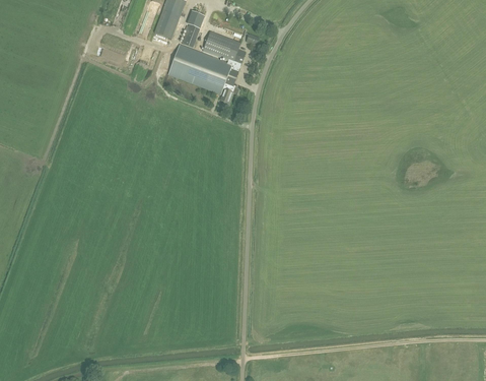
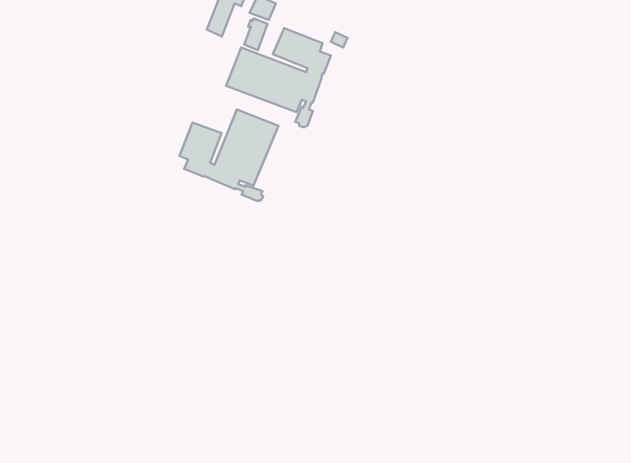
building: none -> [180,109,279,201]

